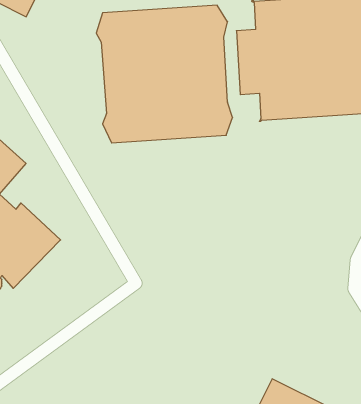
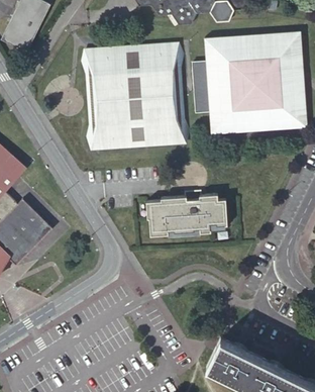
building: none -> [147,193,228,235]

